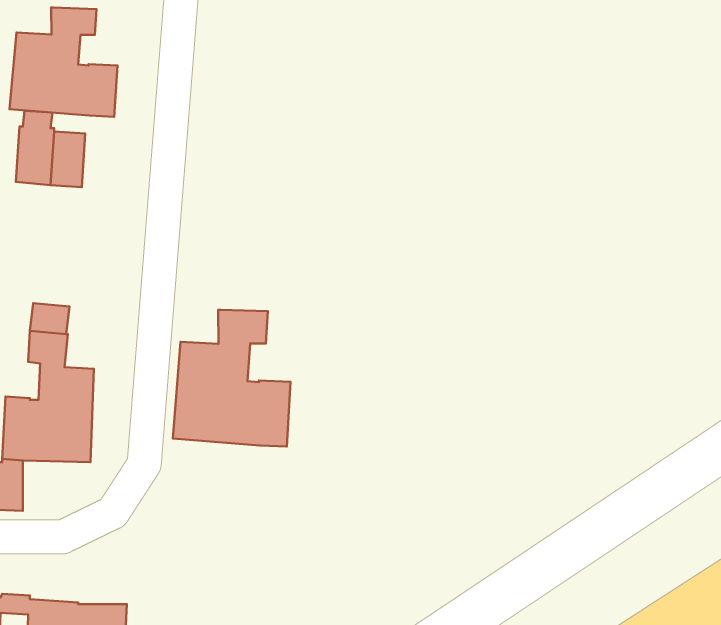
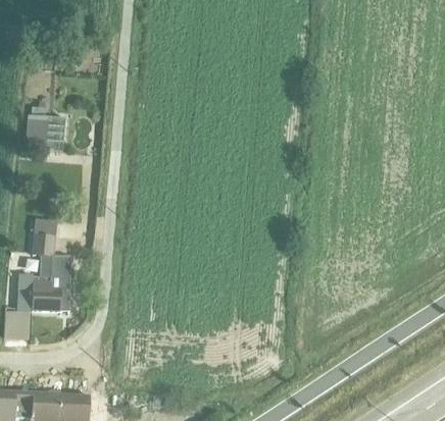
building: [10,7,117,117] -> none
building: [173,310,290,446] -> none

